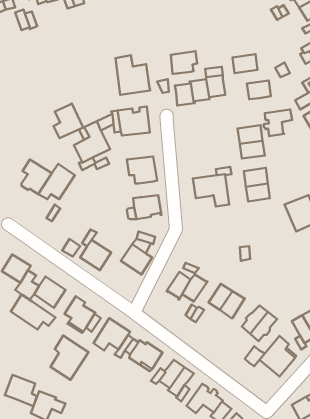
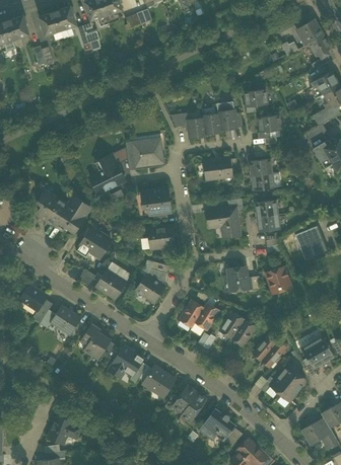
building: [171,51,197,74] -> none
building: [116,55,150,95] -> none
building: [53,104,83,138] -> none
building: [263,110,292,136] -> none
building: none -> [203,158,232,179]
building: none -> [76,227,111,257]
building: none -> [227,266,249,289]
building: none -> [265,266,292,291]
building: [11,294,55,330] -> none
building: [51,335,89,380] -> none
building: [5,375,37,406] -> none

